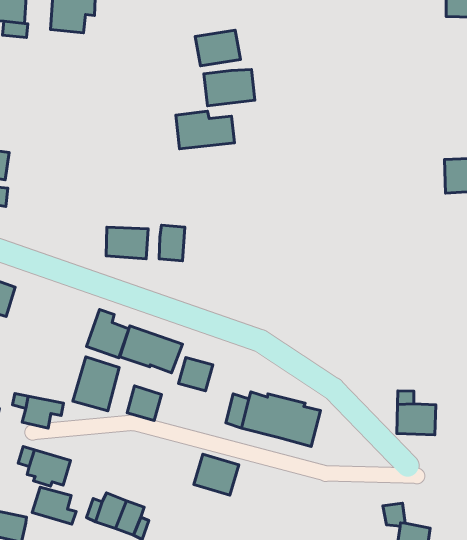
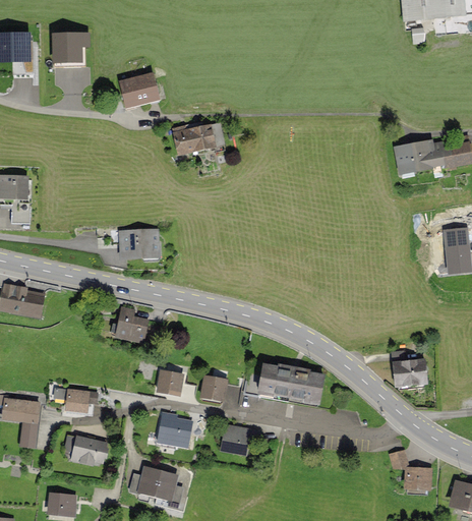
building: [195,30,240,66] -> [118,69,160,104]
building: [204,69,255,106] -> none
building: none -> [394,142,416,175]
building: [159,225,185,261] -> none
building: [120,326,182,373] -> none
building: [73,357,119,411] -> none
building: [178,357,213,391] -> [199,374,228,402]
building: none -> [159,411,193,448]
building: [32,487,76,524] -> none

